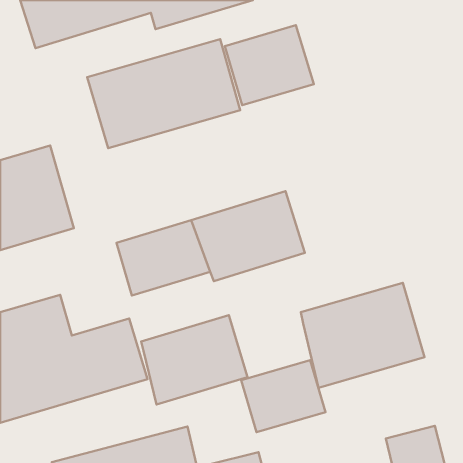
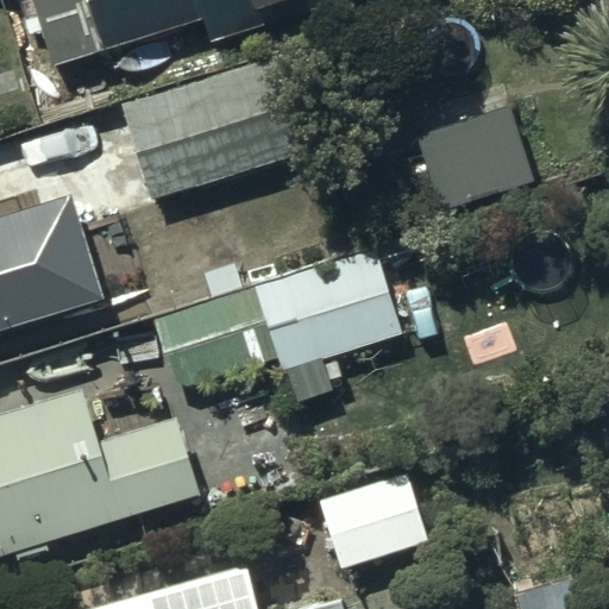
building: [225,25,314,105] -> [414,105,530,209]
building: [301,283,424,388] -> none
building: [141,315,247,405] -> none

